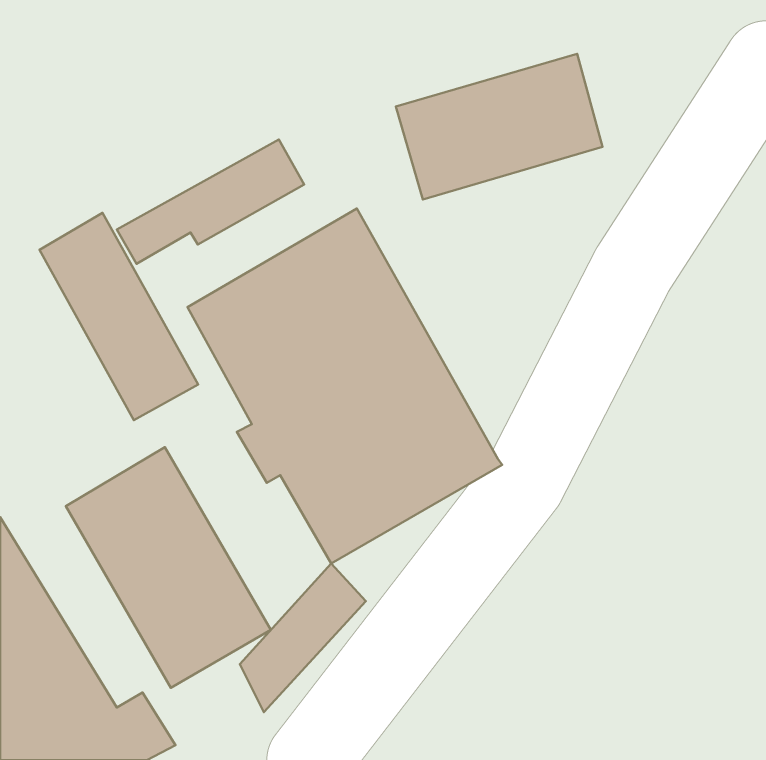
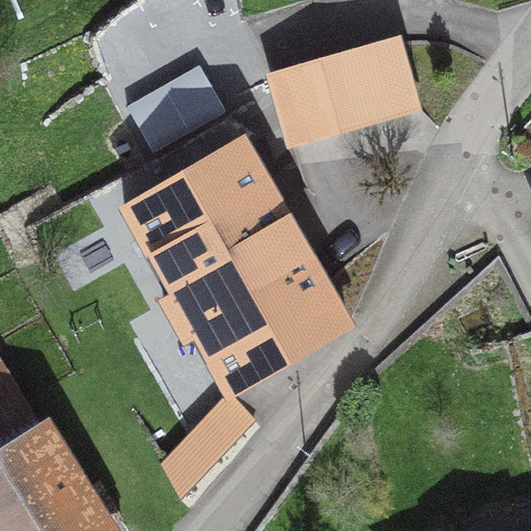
building: [39,213,198,420] -> none
building: [66,447,271,688] -> none

